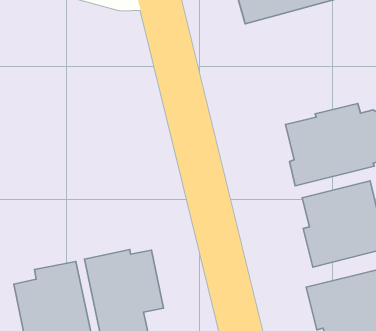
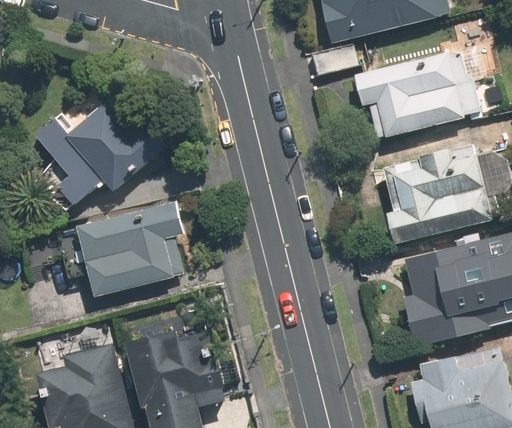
building: none -> [354,39,483,139]
building: none -> [33,93,164,216]
building: none -> [84,197,185,292]

